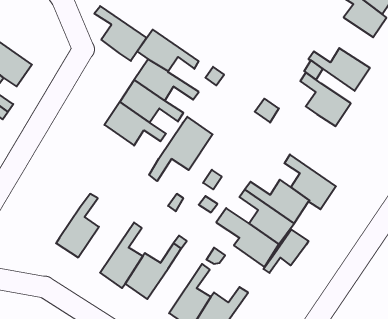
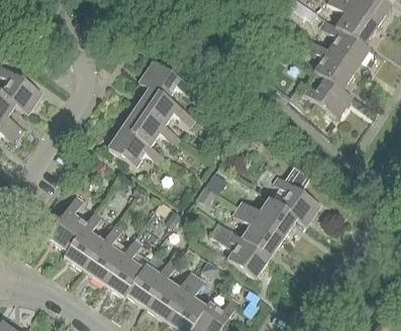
building: [94,6,147,61] -> none
building: [300,73,351,126] -> [309,38,356,88]
building: [149,117,213,181] -> none
building: none -> [46,195,86,251]
building: none -> [84,224,123,284]
building: [263,229,308,273] -> none
building: none -> [147,270,198,321]

